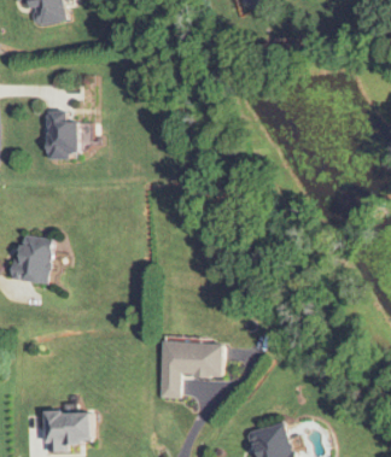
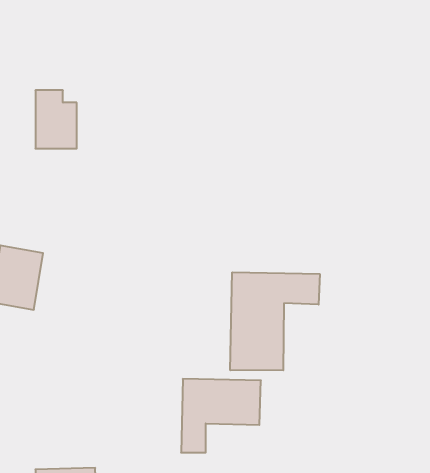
building: none -> [230,272,320,370]

